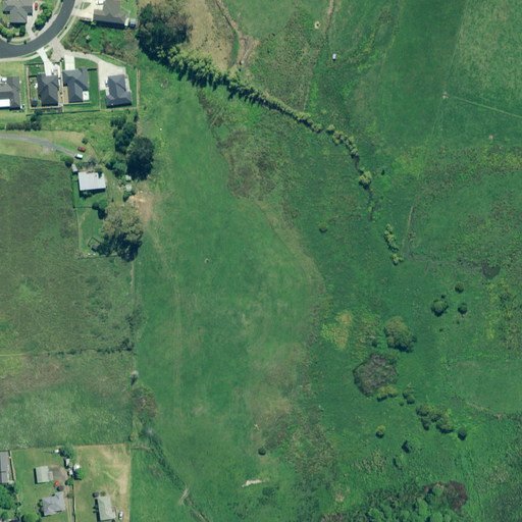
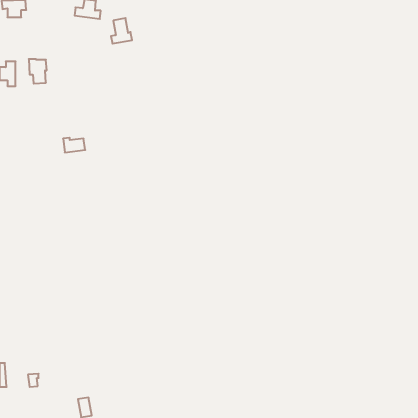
building: [61,68,87,101] -> none
building: [104,73,130,105] -> [111,18,132,44]
building: [40,492,64,515] -> none

